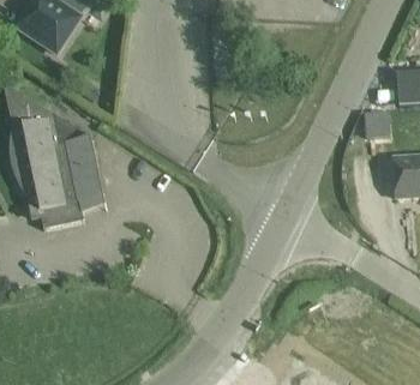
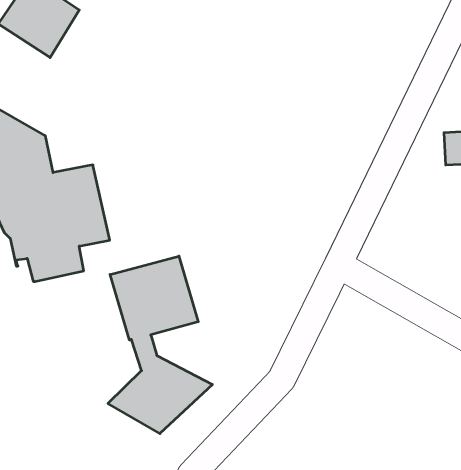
building: none -> [108,256,212,434]

